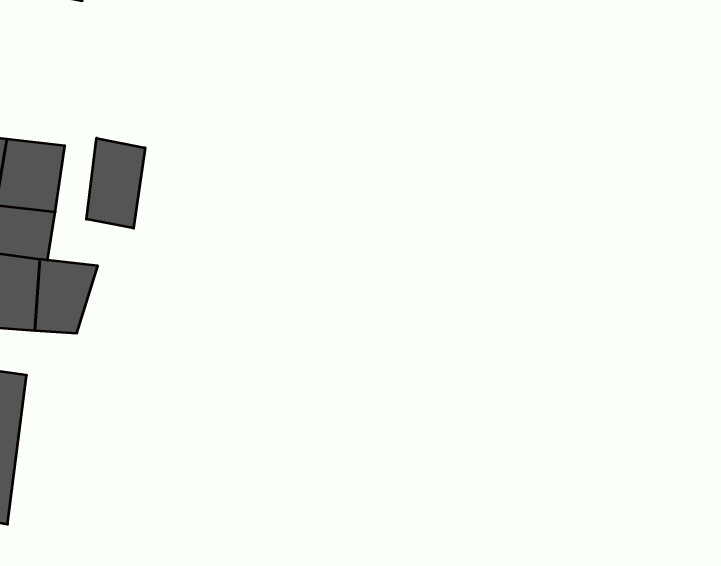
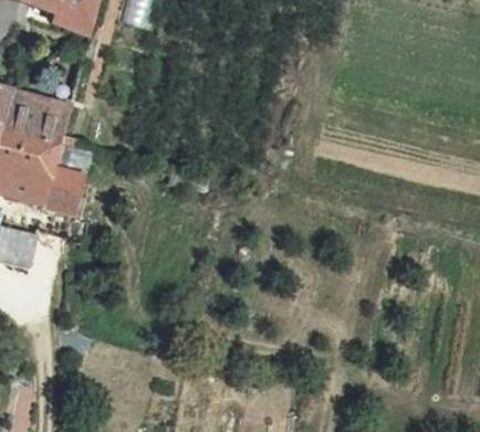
building: [86,138,145,228] -> none

